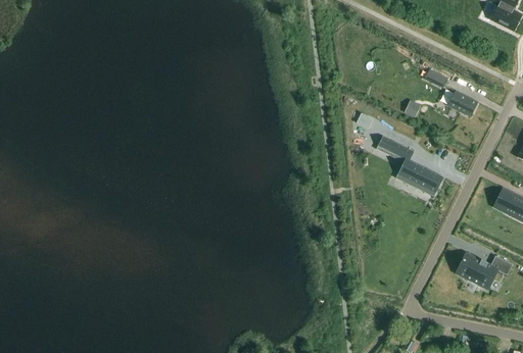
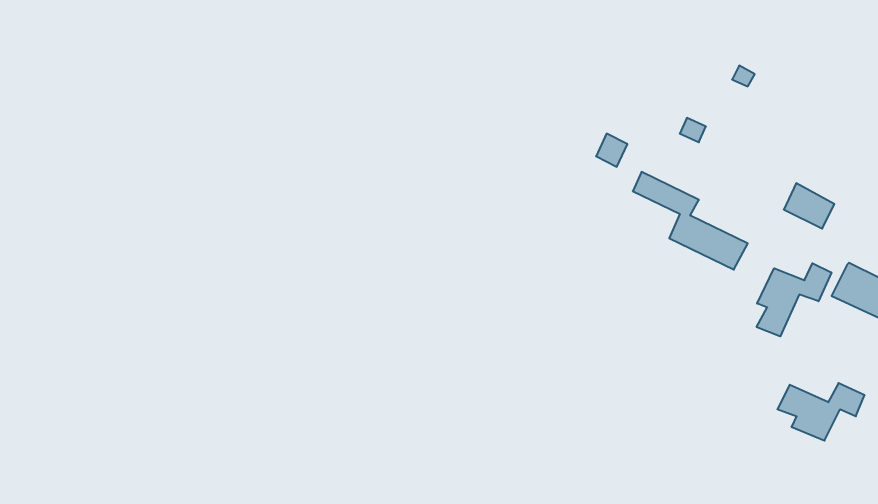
building: [448,89,478,115] -> [784,183,834,229]
building: none -> [757,263,831,336]

